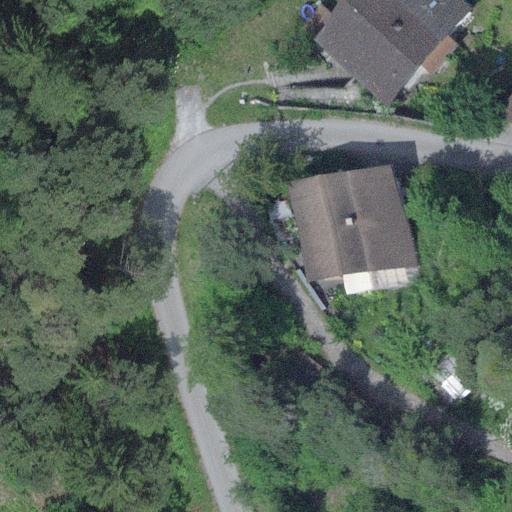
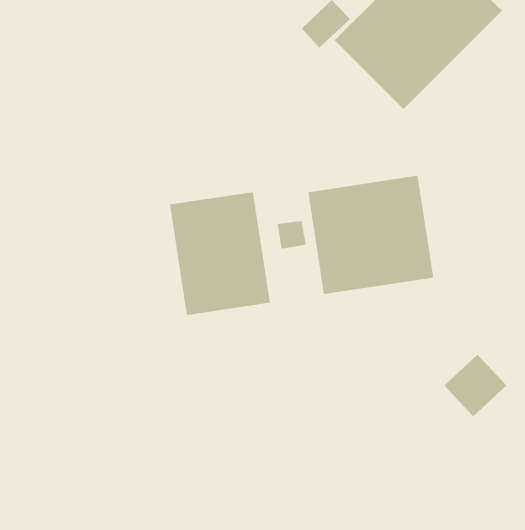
building: none -> [169,191,270,316]

